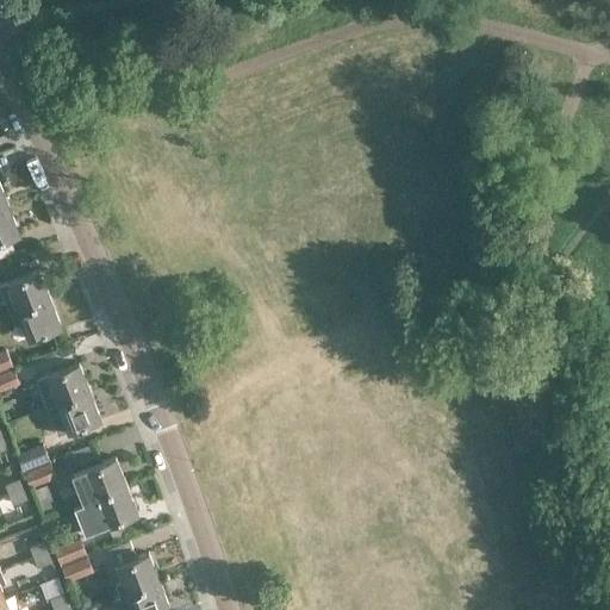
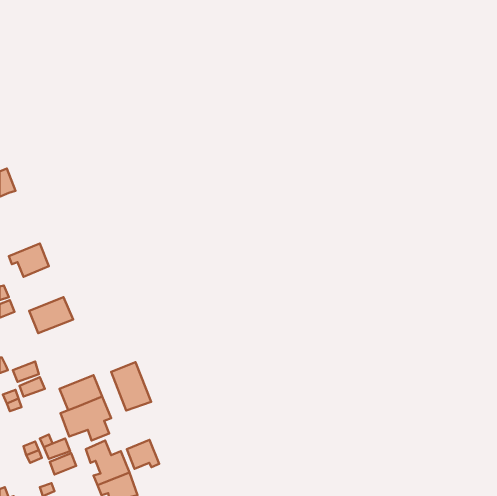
building: [6,273,49,316] -> none
building: [46,393,100,437] -> none
building: none -> [111,362,151,411]
building: none -> [127,440,159,469]

